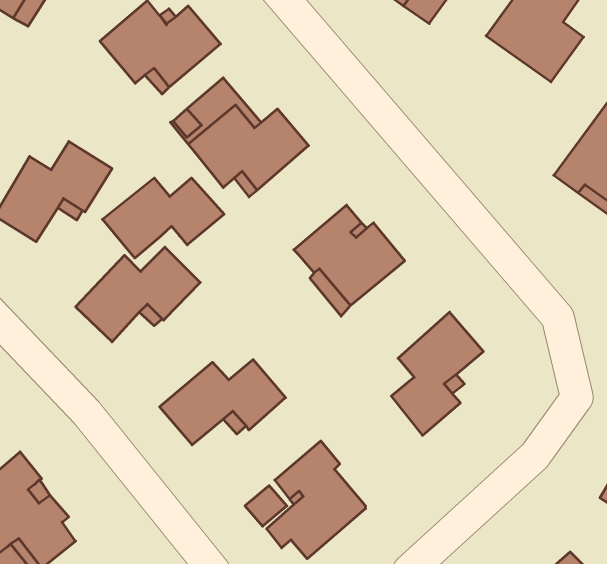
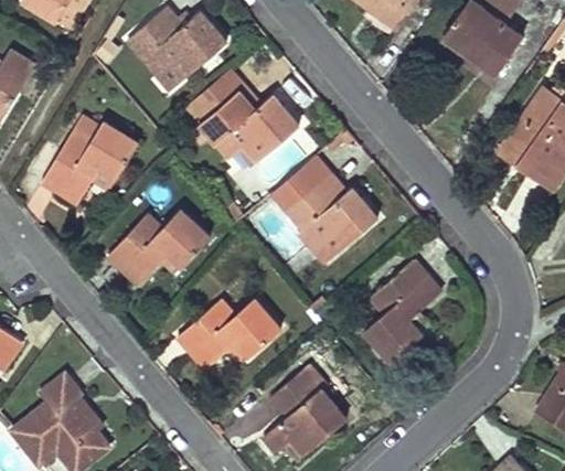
building: [102,178,224,258] -> none
building: none -> [271,157,329,210]

